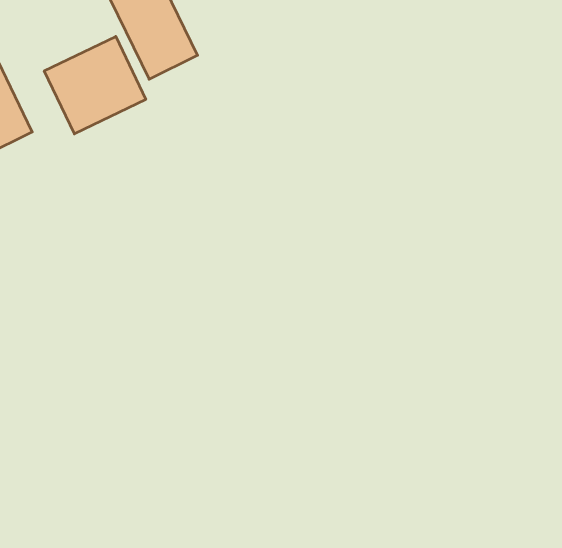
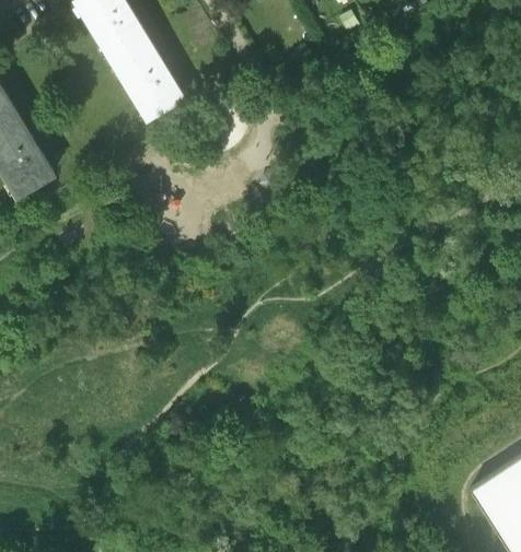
building: [44,36,146,134] -> none

